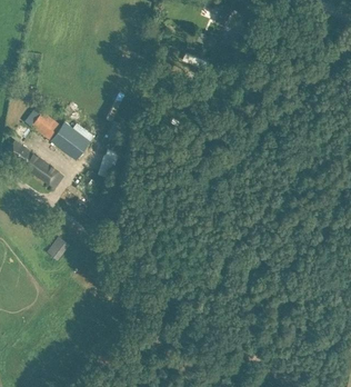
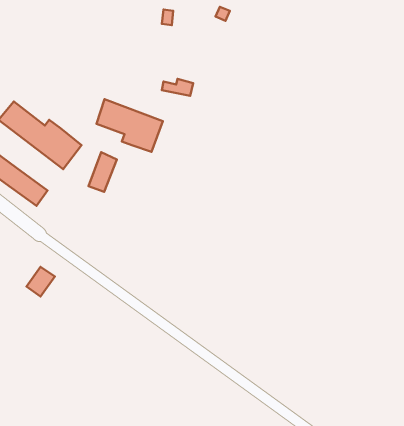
building: none -> [96,99,163,152]

